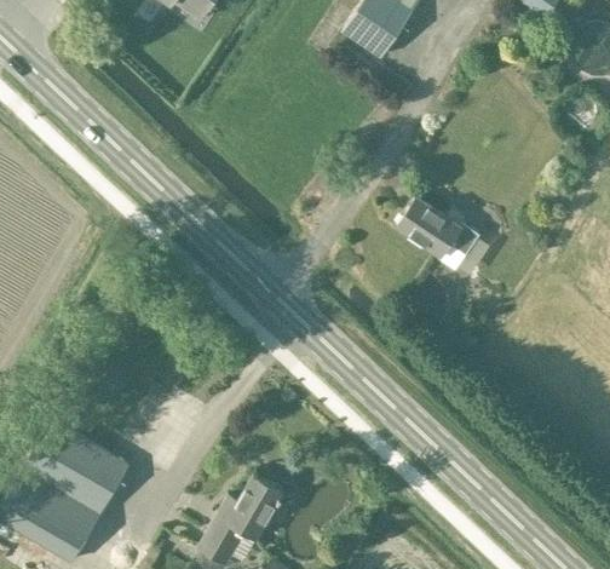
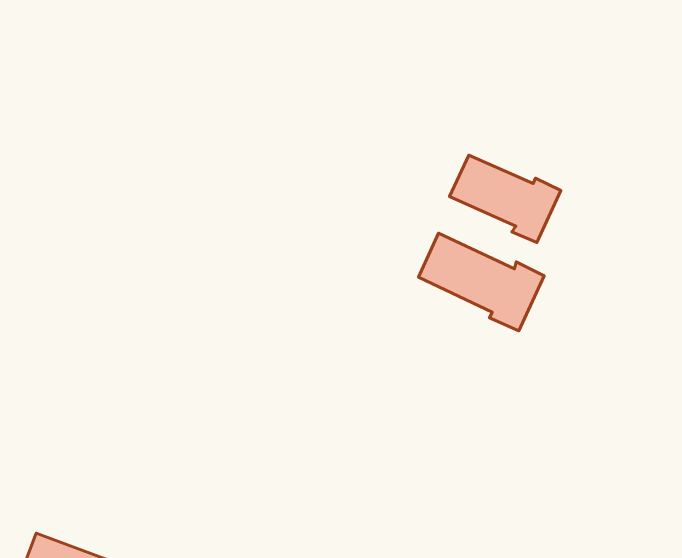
building: none -> [419,233,544,331]

